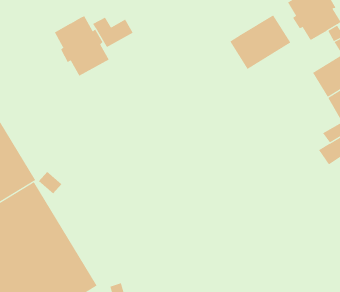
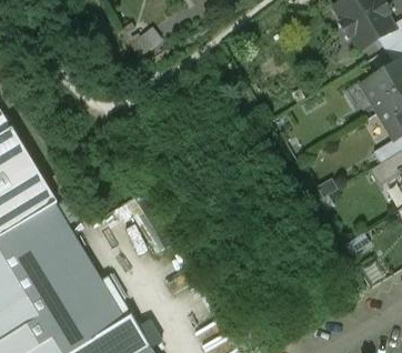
building: [229,14,291,70] -> none
building: [54,15,109,76] -> none

